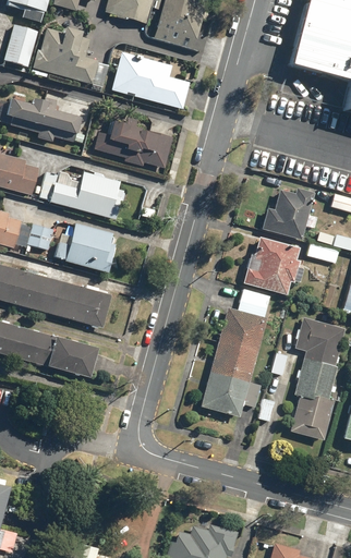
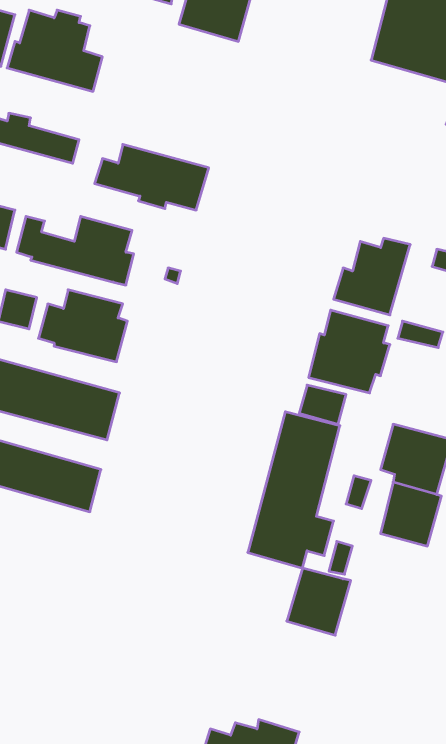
building: [111,51,190,109] -> none
building: [287,393,331,440] -> [287,568,351,635]

